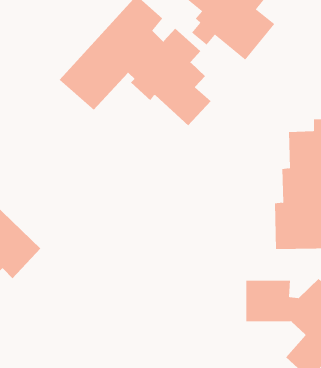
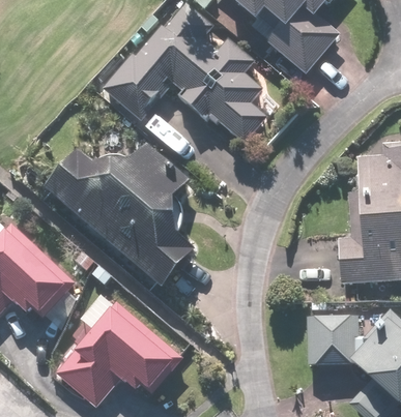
building: none -> [49,143,200,289]
building: none -> [57,294,182,404]

